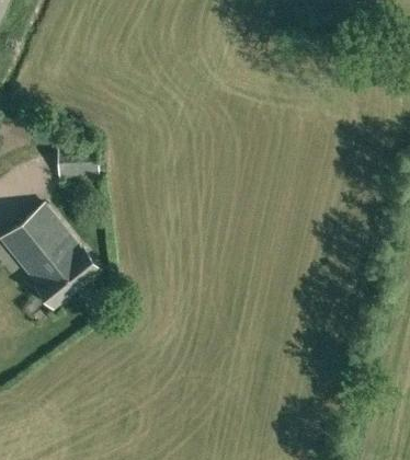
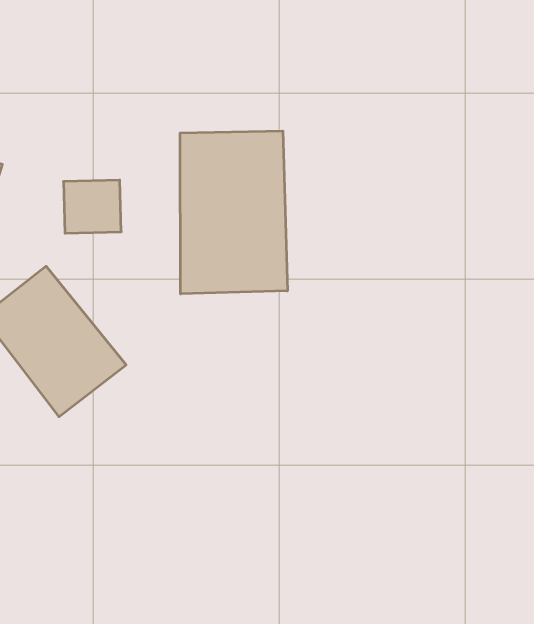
building: none -> [180,131,287,294]

